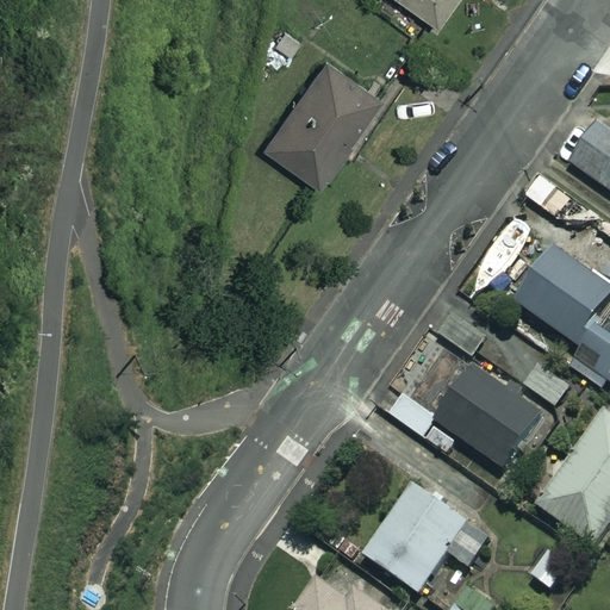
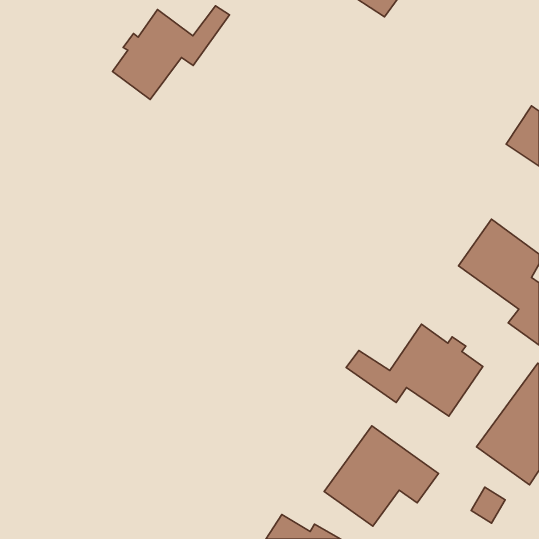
building: none -> [112,6,229,100]
building: [256,69,366,182] -> none

